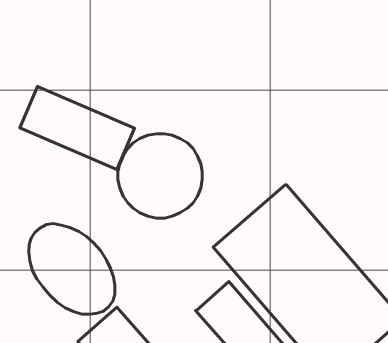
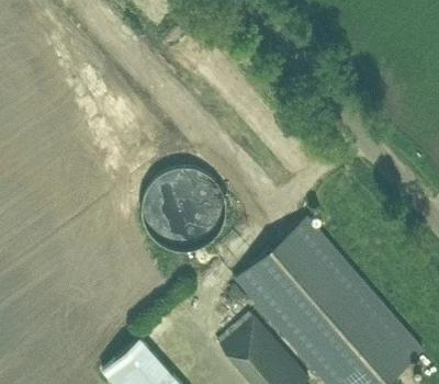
building: [20,87,135,169] -> none
building: [29,224,115,314] -> none

